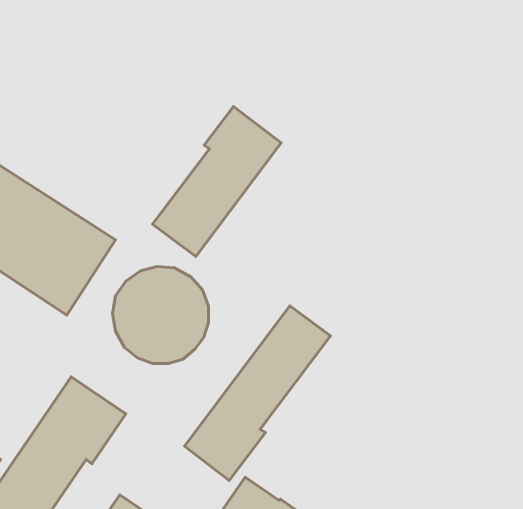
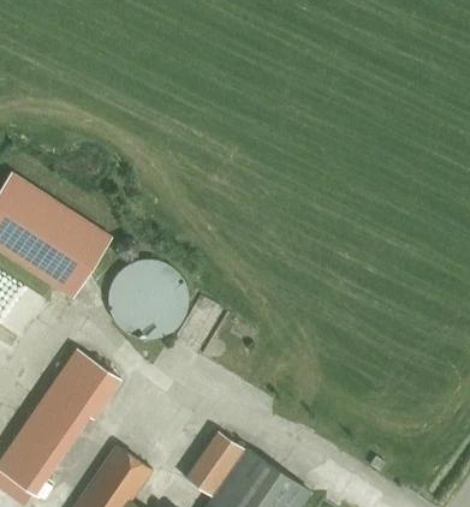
building: [153,107,281,256] -> none
building: [184,306,331,480] -> none

